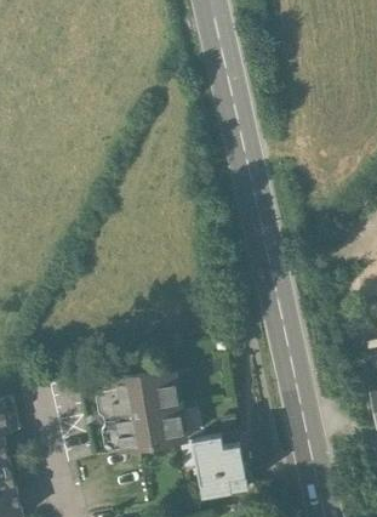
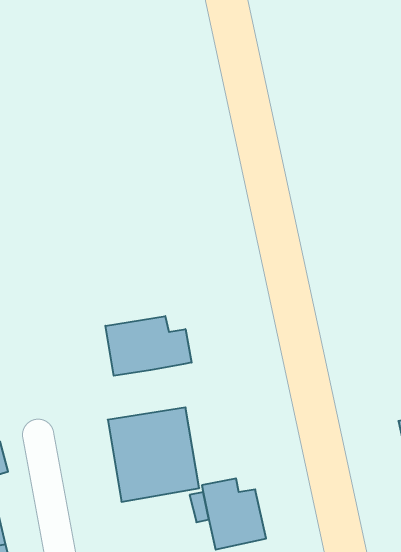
building: none -> [105,316,192,376]

